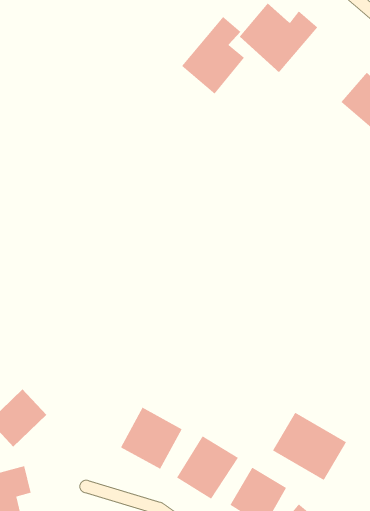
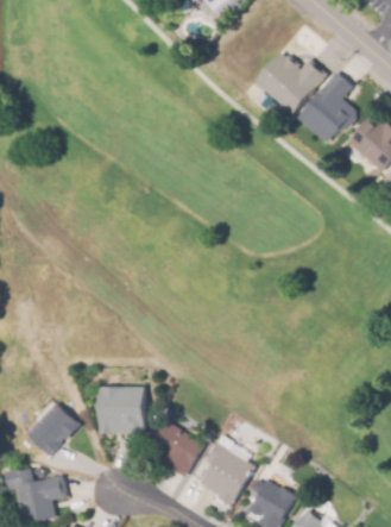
building: [181,16,245,94] -> [297,71,355,143]
building: none -> [99,383,145,432]
building: [272,412,347,481] -> none

